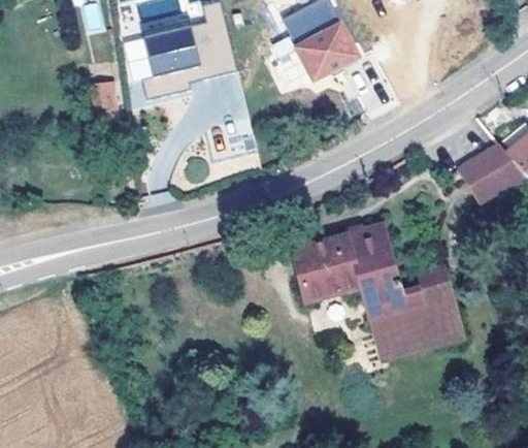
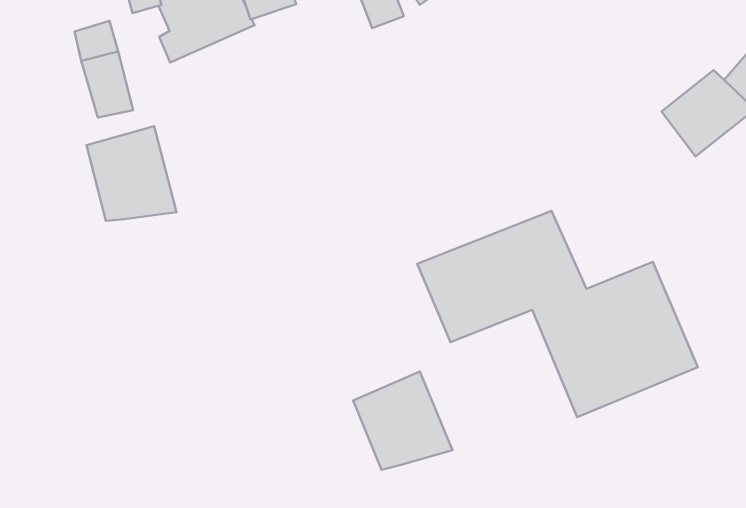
building: none -> [86,126,177,221]
building: none -> [353,372,452,470]

